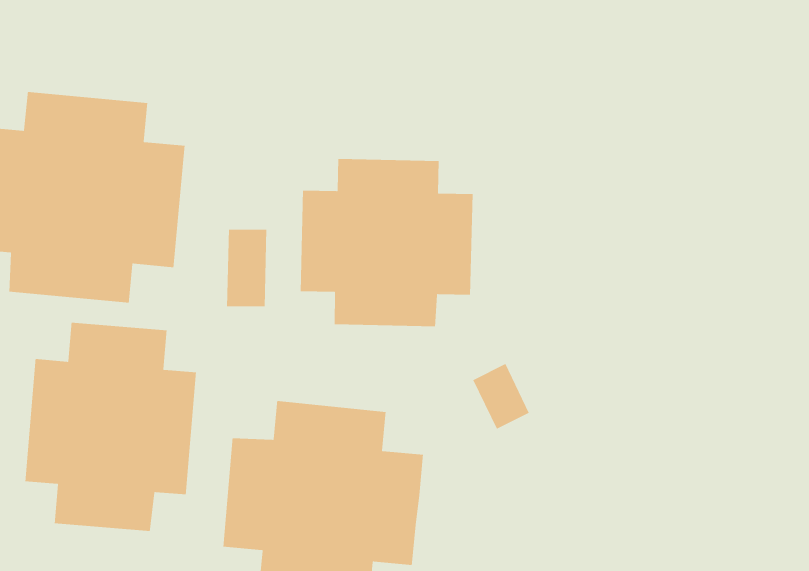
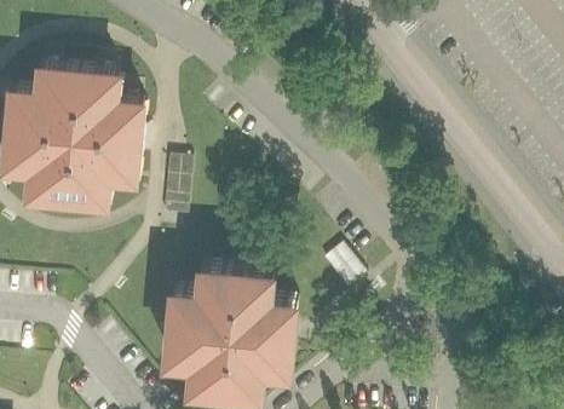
building: [300,158,473,327] -> none
building: [24,322,197,532] -> none

